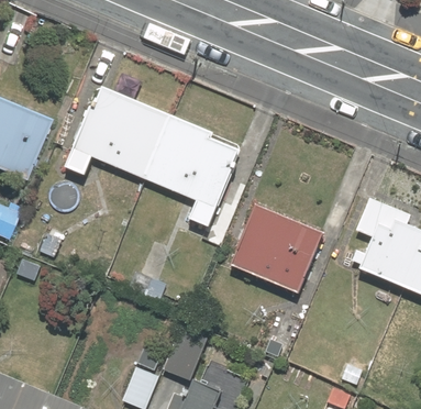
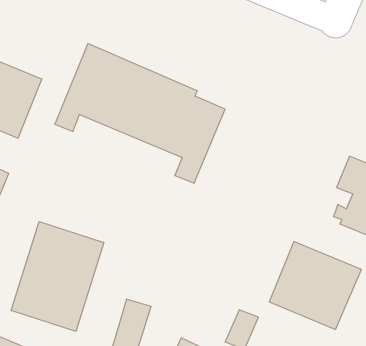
building: [231,200,325,290] -> [269,242,361,330]
building: none -> [11,222,104,331]

